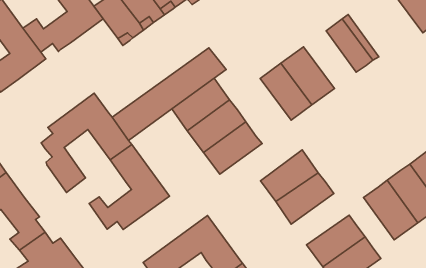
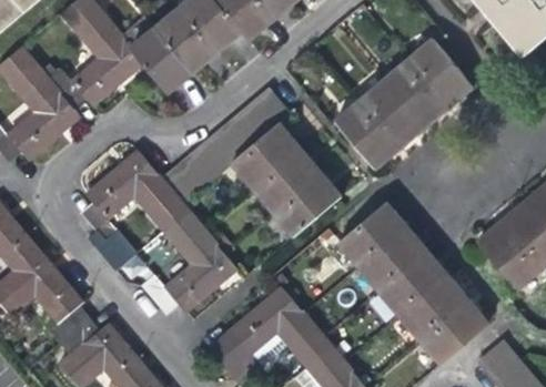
building: none -> [382,59,446,126]
building: none -> [382,251,449,314]

